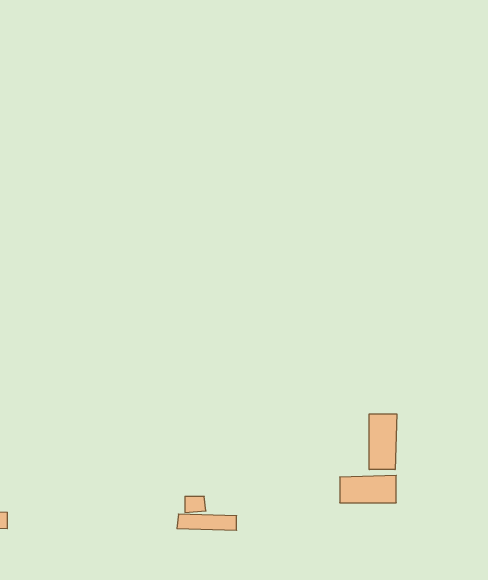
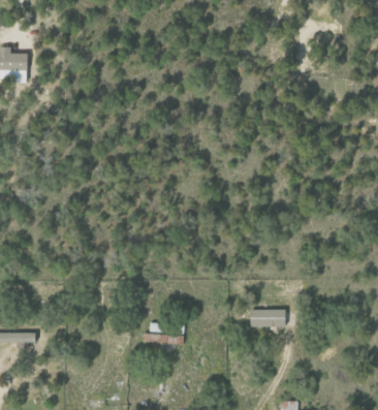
building: [369,414,397,470] -> none

